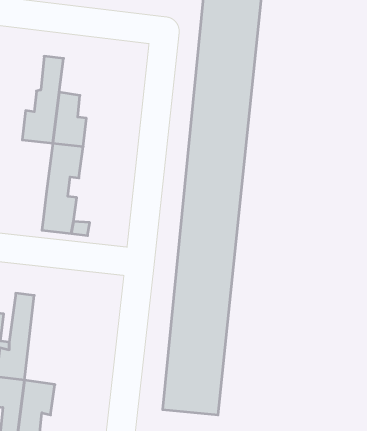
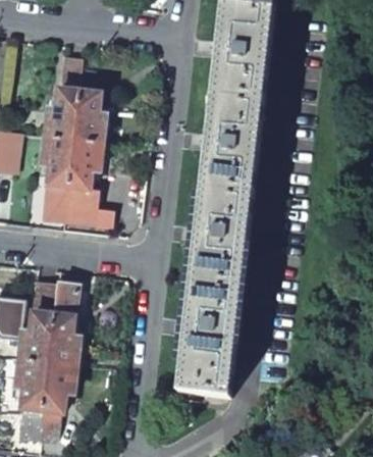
building: none -> [44,137,75,214]
building: none -> [49,283,81,366]

